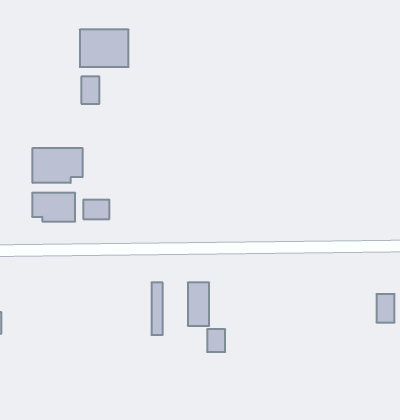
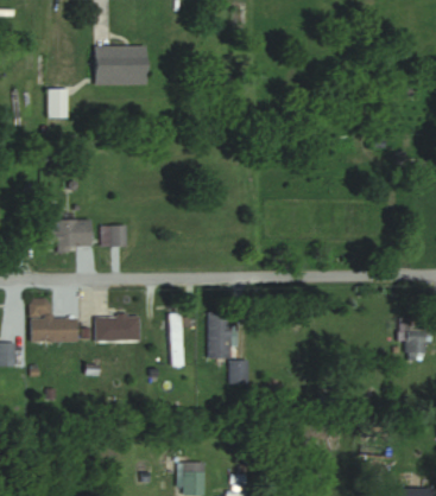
building: [81,77,99,104] -> [48,90,67,119]
building: [33,148,82,183] -> none
building: none -> [31,298,78,342]
building: none -> [96,316,141,342]

